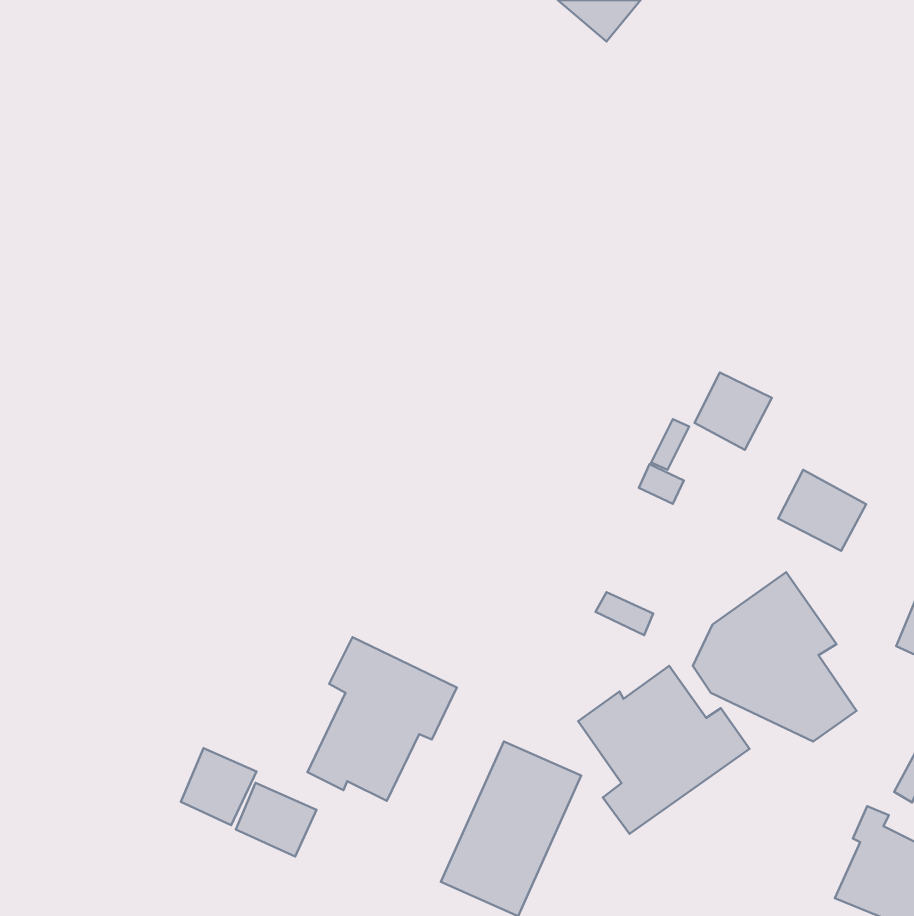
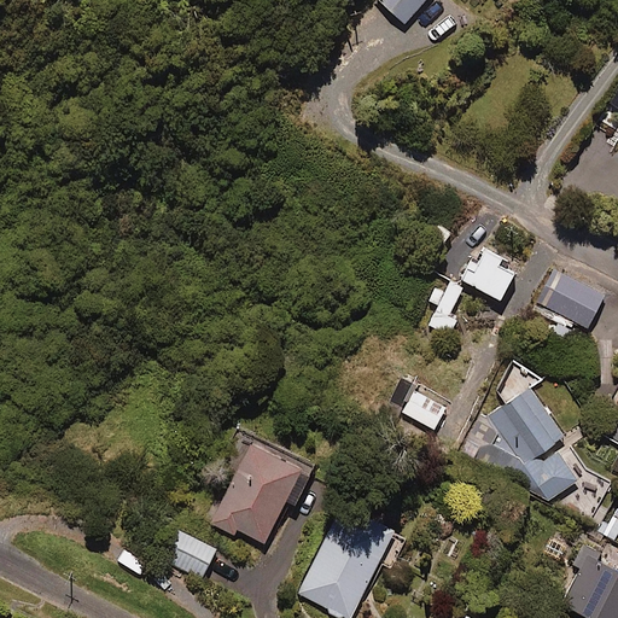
building: [778,470,866,551] -> [546,273,605,327]
building: [578,666,749,834] -> none
building: [181,748,256,825] -> none

